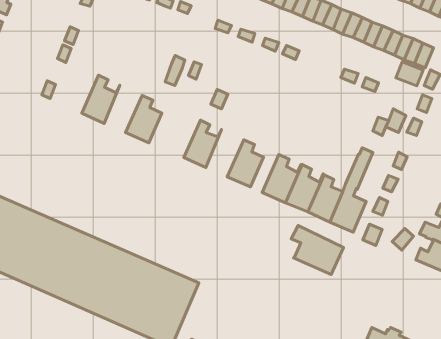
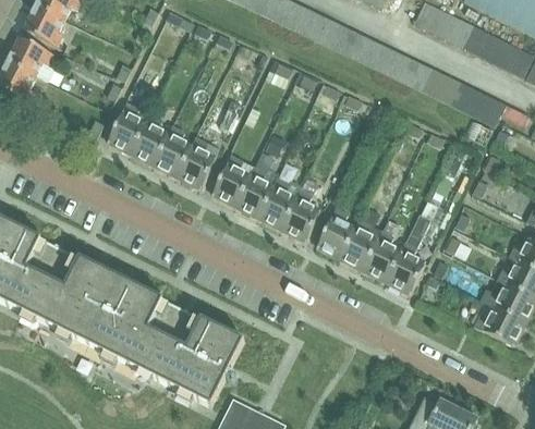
building: none -> [107,103,150,154]
building: none -> [154,126,195,176]
building: none -> [211,156,255,206]
building: none -> [258,179,300,229]
building: [291,226,343,274] -> none

